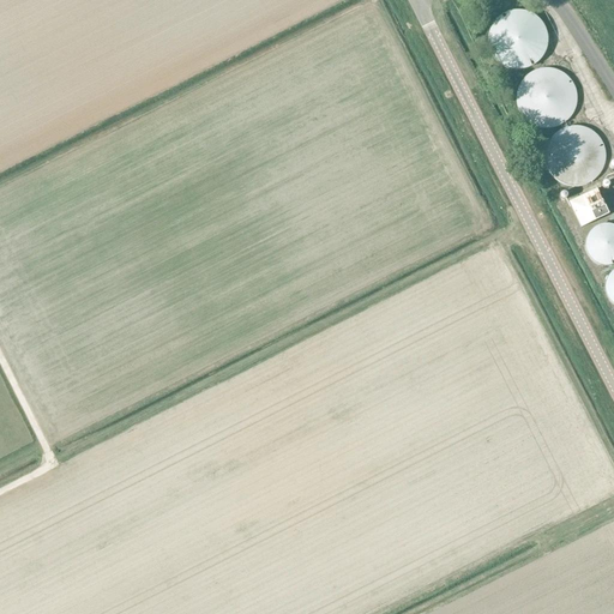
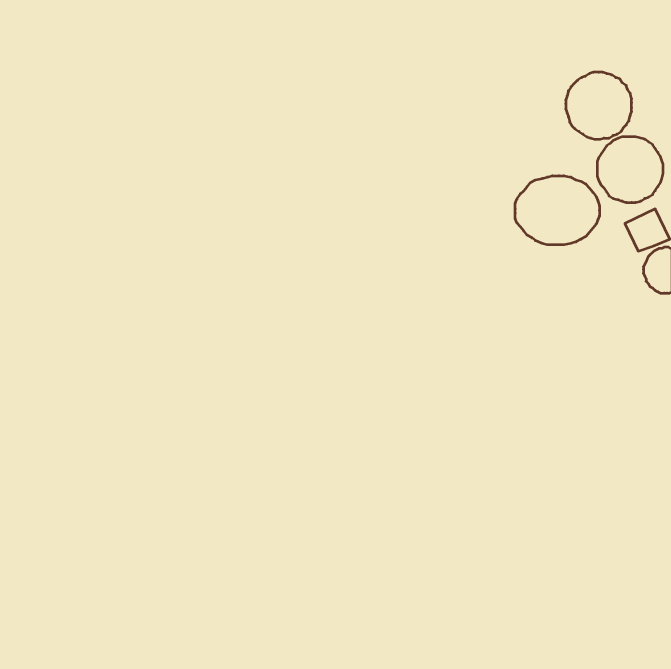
building: [489,8,548,68] -> none
building: none -> [515,176,599,245]

